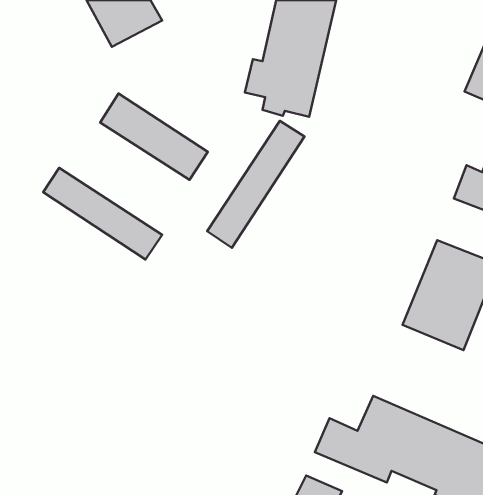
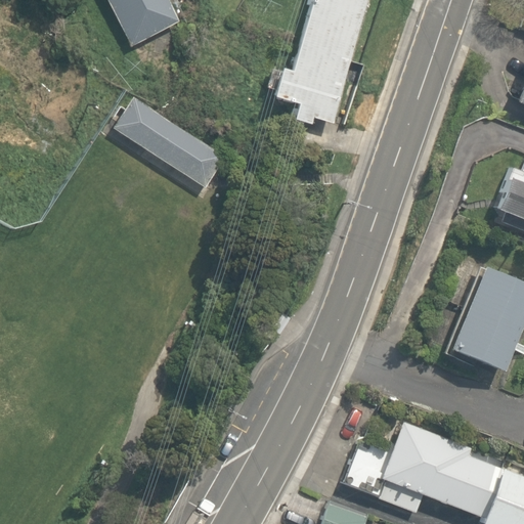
building: [207,121,304,248] -> none
building: [43,168,162,260] -> none

